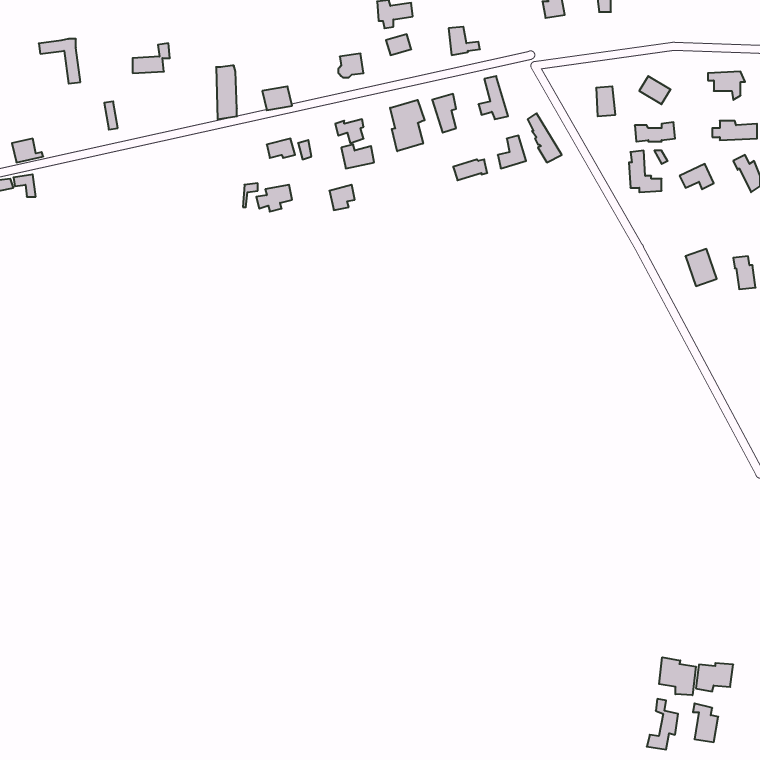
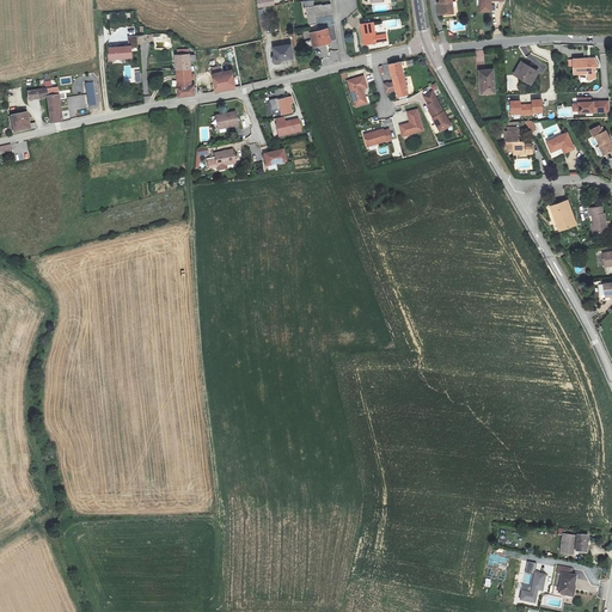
building: [39,39,80,84] -> [26,86,60,122]
building: [390,100,425,151] -> none
building: [659,657,696,695] -> none

